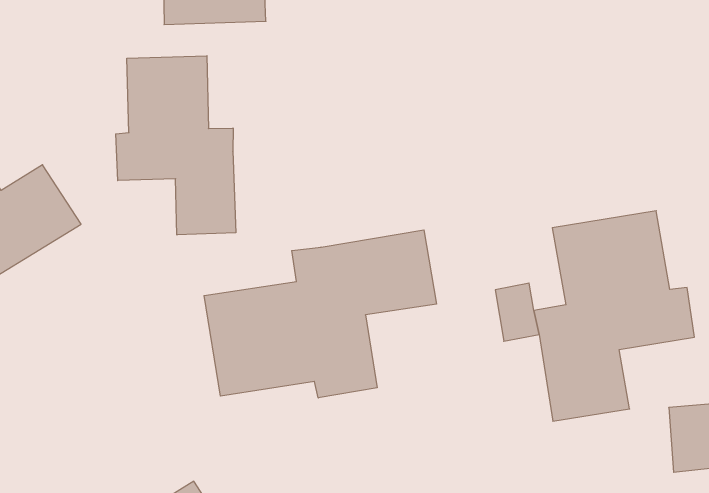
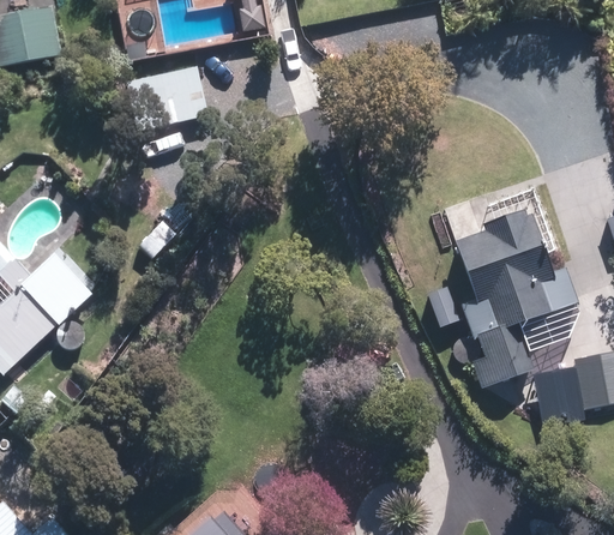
building: [116,56,236,235] -> none
building: [204,230,436,398] -> none

